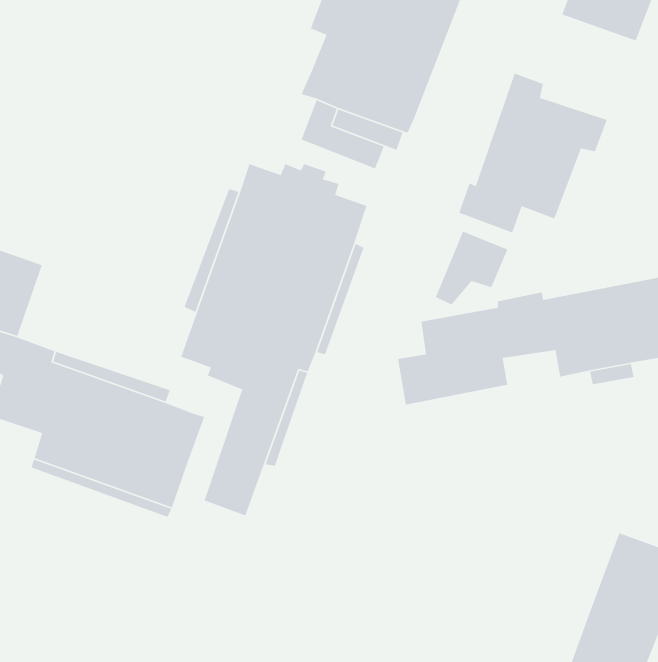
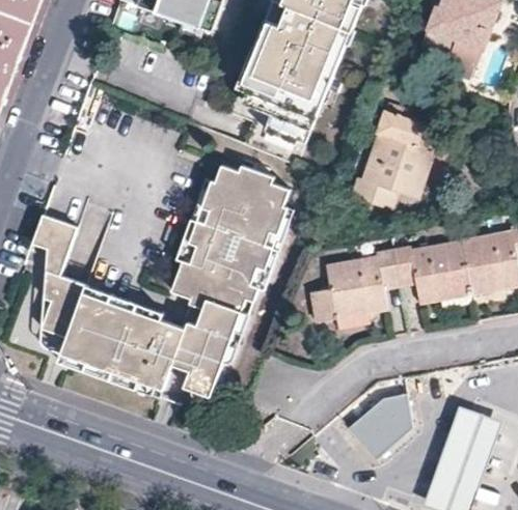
building: [435,231,509,305] -> none
building: none -> [170,302,207,369]
building: none -> [346,393,411,460]

